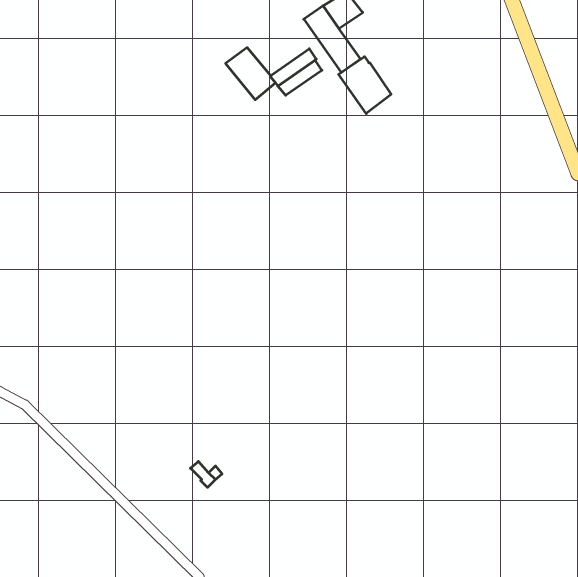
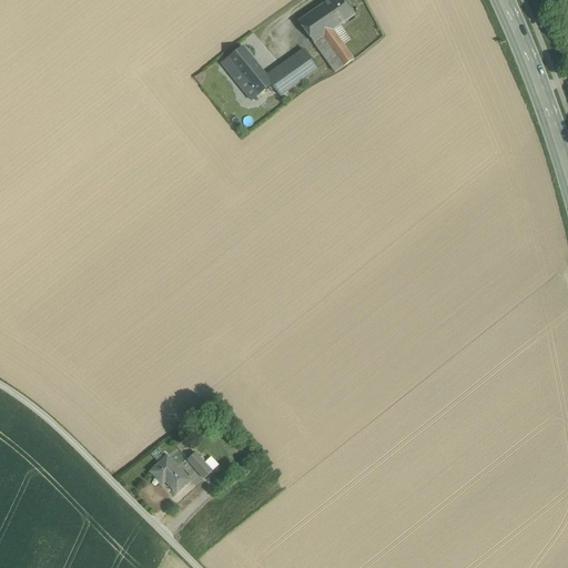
building: [339,57,391,114] -> none
building: none -> [150,455,189,491]

